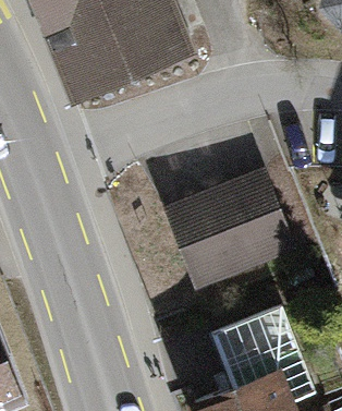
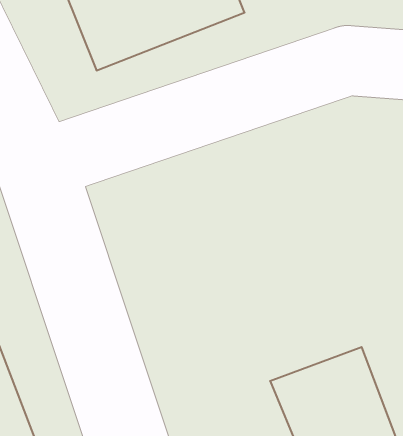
building: [157,176,262,257] -> none

